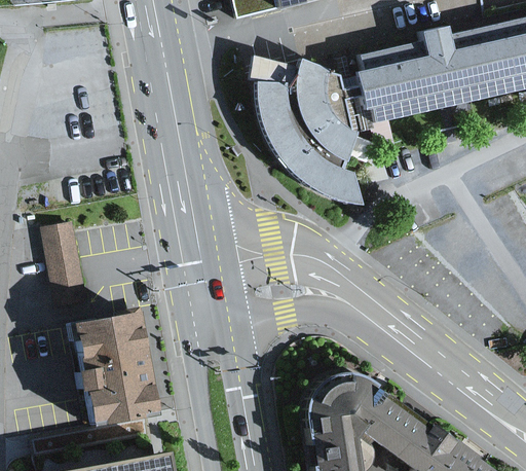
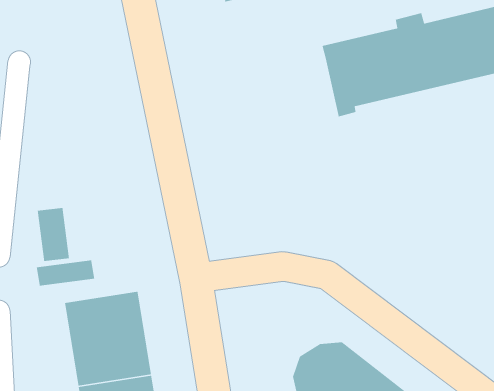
building: [251,56,377,206] -> none
building: none -> [36,259,95,287]

